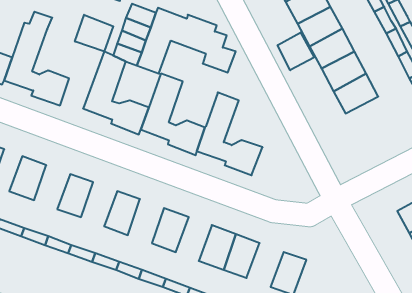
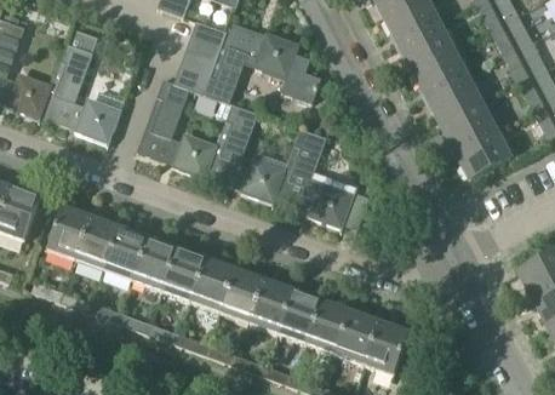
building: [75,15,113,52] -> none
building: [278,32,314,70] -> none
building: none -> [456,132,510,181]
building: none -> [78,216,121,269]
building: none -> [135,236,178,290]
building: none -> [191,257,235,310]
building: none -> [250,279,293,332]
building: none -> [336,310,381,363]

